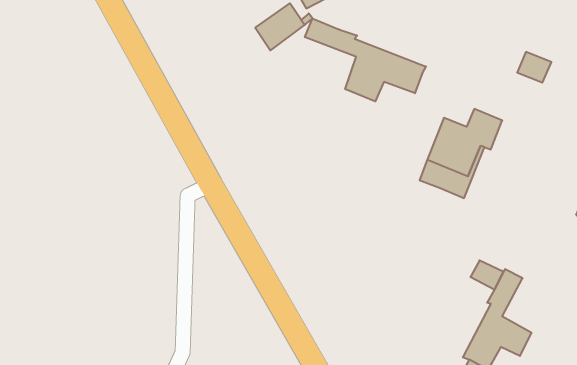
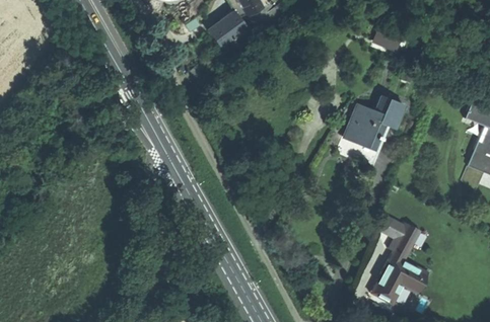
building: [305,19,426,101] -> none
building: [517,52,551,83] -> [374,24,402,49]

